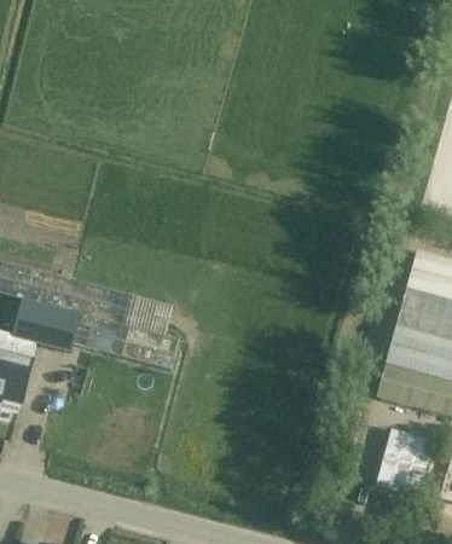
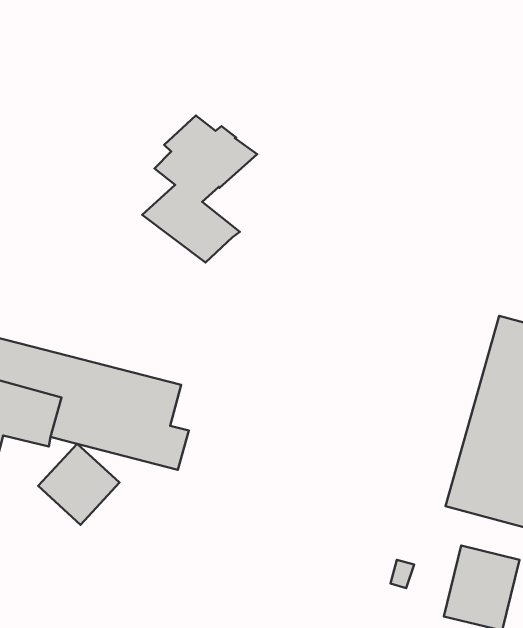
building: none -> [142,116,257,263]
building: none -> [38,444,119,525]

